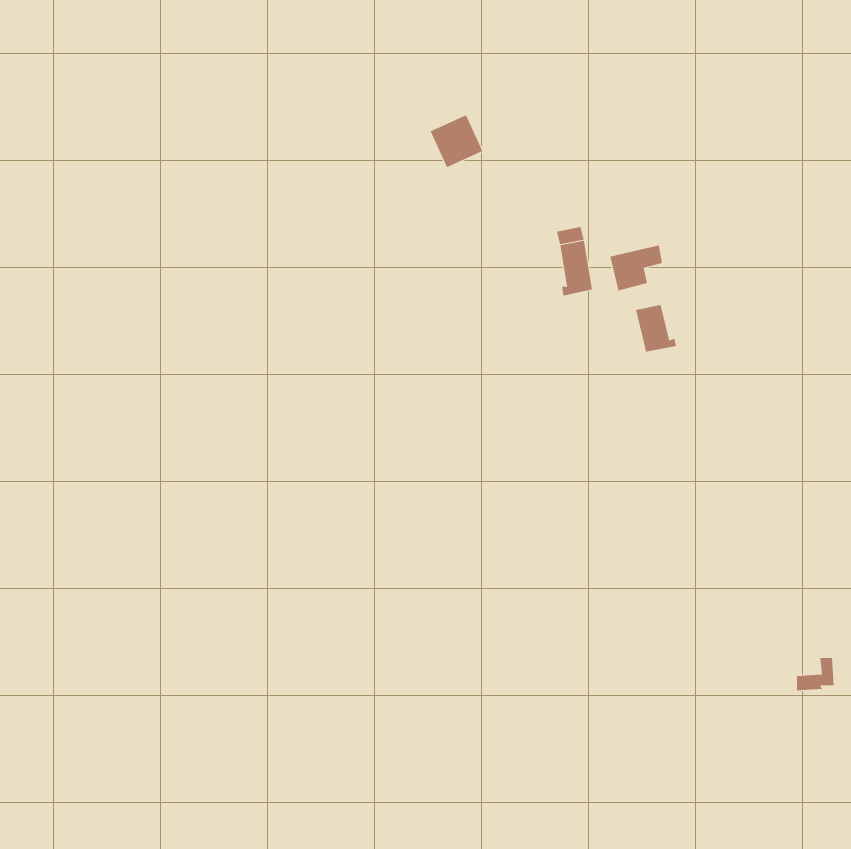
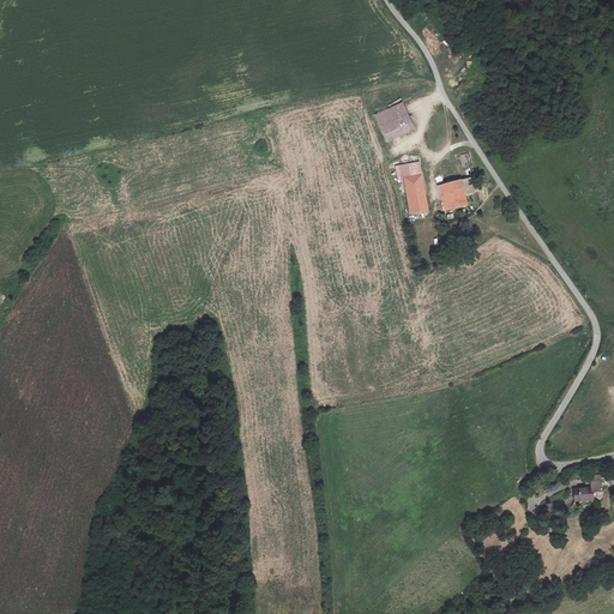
building: [430,114,483,168] -> [375,102,414,140]
building: [636,304,676,352] -> none

